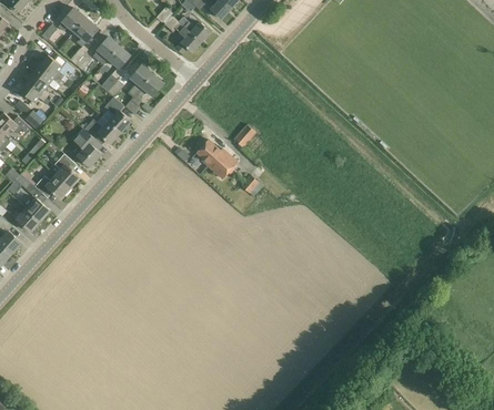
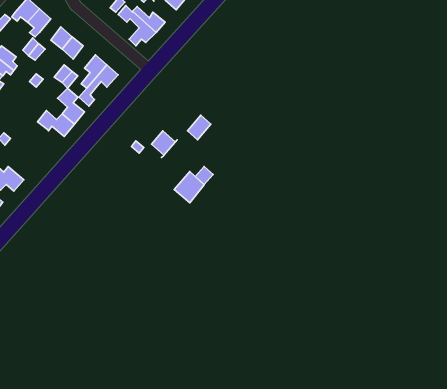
building: [73,130,101,166] -> none
building: [206,147,236,178] -> [174,171,204,203]
building: [53,153,79,187] -> none

